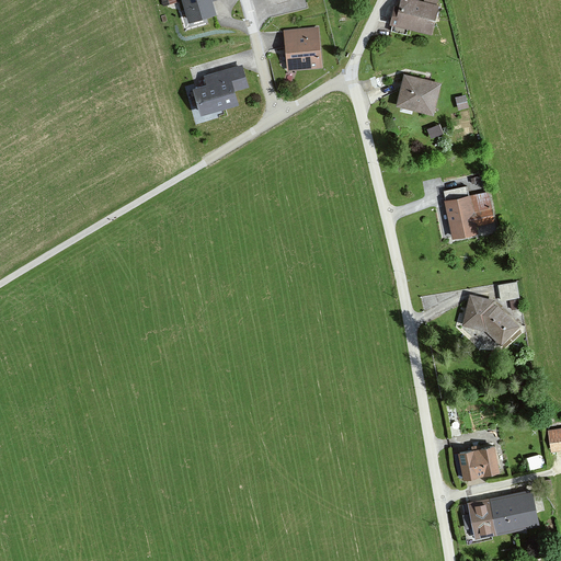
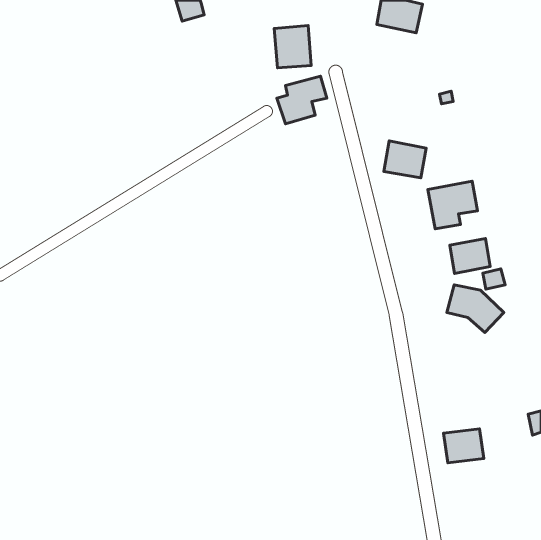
building: [195,67,247,116] -> [277,76,327,124]
building: [393,73,437,112] -> [384,141,426,178]
building: none -> [450,238,490,273]
building: [467,491,538,536] -> none

